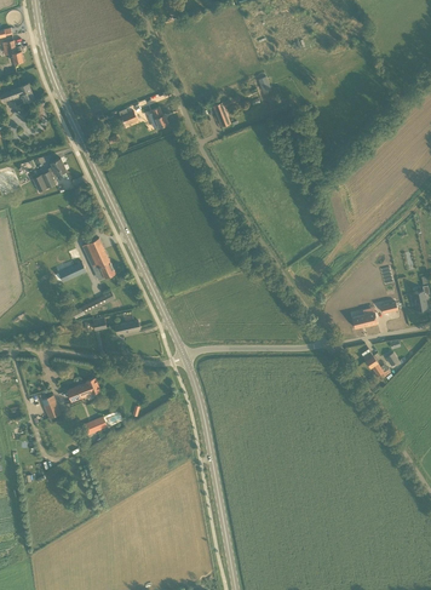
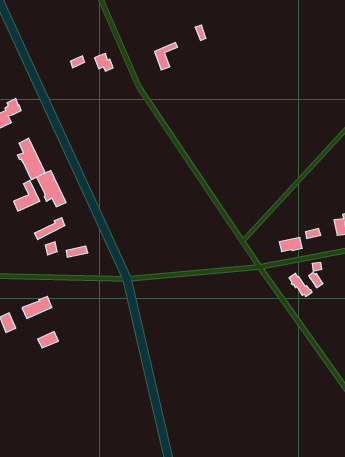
building: none -> [18,138,45,180]

